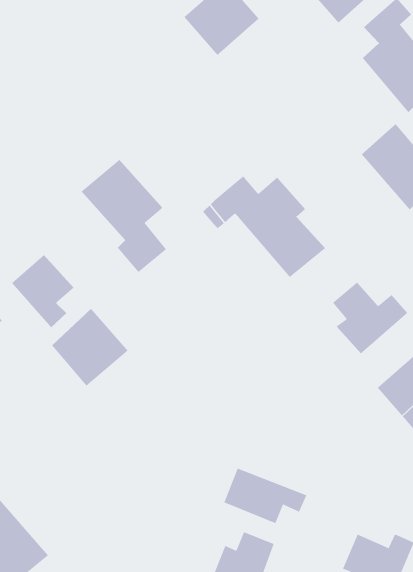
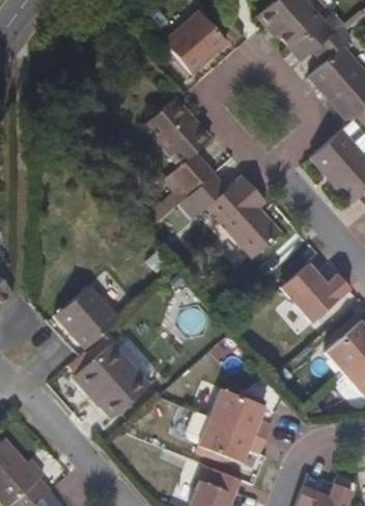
building: [81,159,167,273] -> [142,100,214,194]
building: [11,254,74,328] -> none
building: none -> [71,343,149,422]
building: none -> [208,389,271,440]

